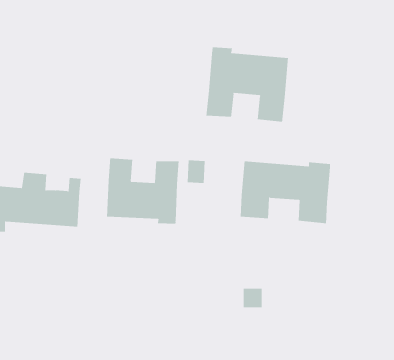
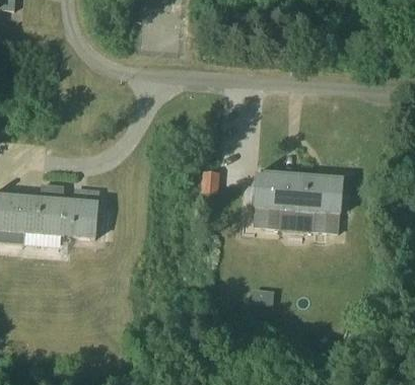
building: [206,46,288,122] -> none
building: [107,158,179,225] -> none

